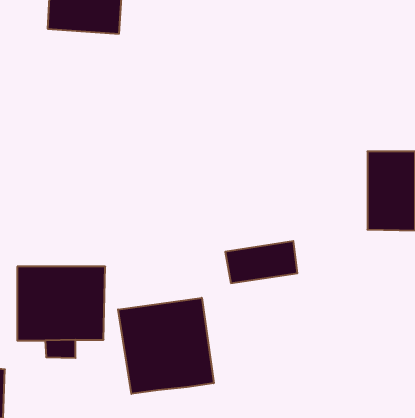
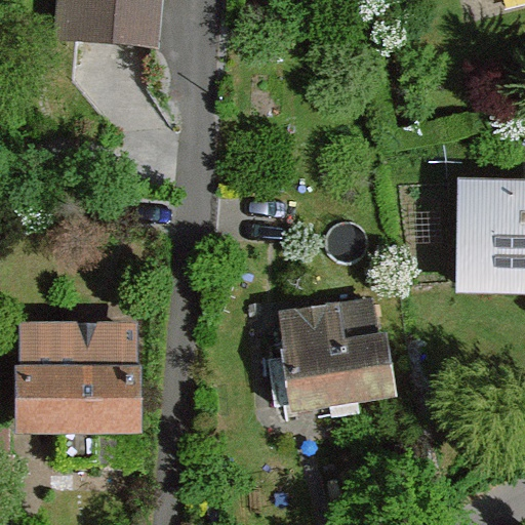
building: none -> [283,339,383,404]
building: [118,298,214,394] -> none

